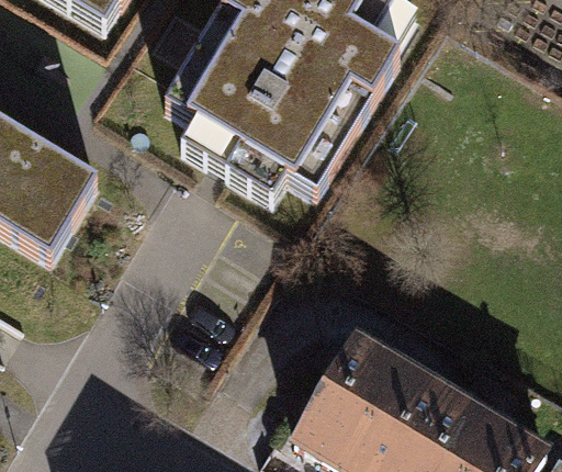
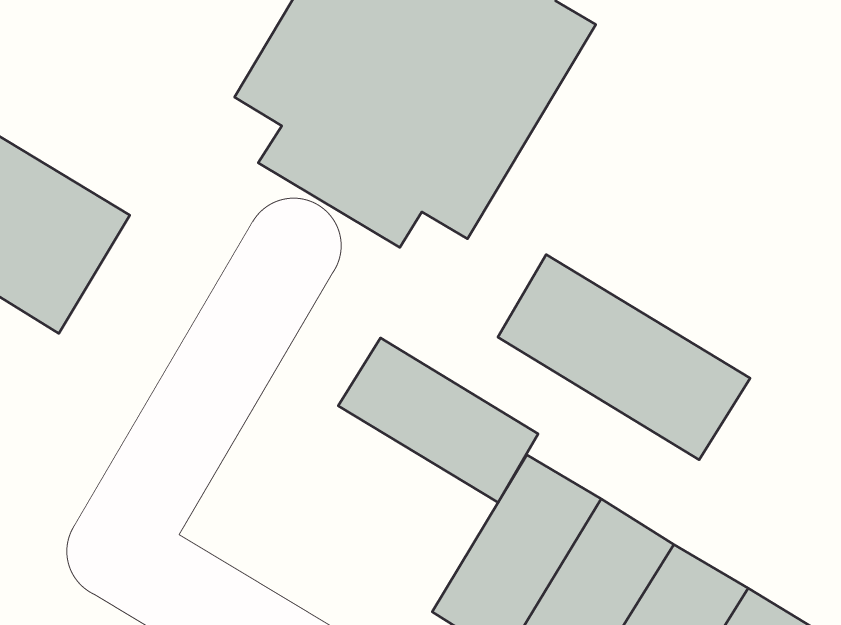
building: none -> [498,255,750,460]
building: none -> [338,338,538,503]

